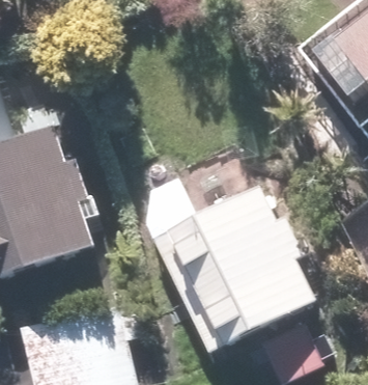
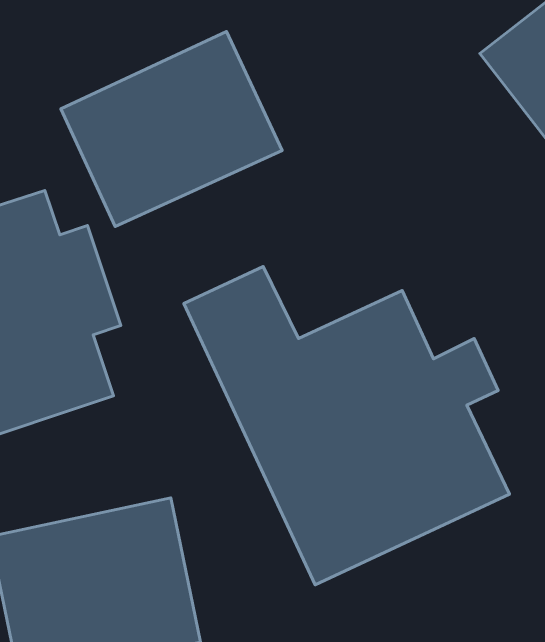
building: none -> [61,31,282,227]

